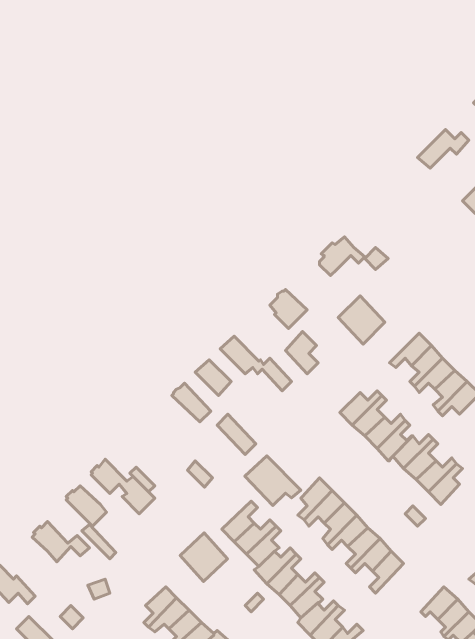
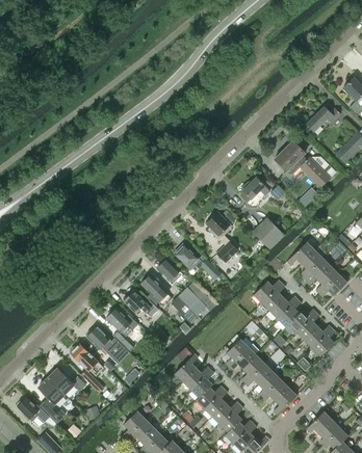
building: none -> [275,141,331,188]
building: none -> [124,291,159,318]
building: none -> [106,308,139,330]
building: [245,456,301,506] -> [179,283,216,316]
building: [180,533,227,581] -> none
building: none -> [38,378,64,419]

